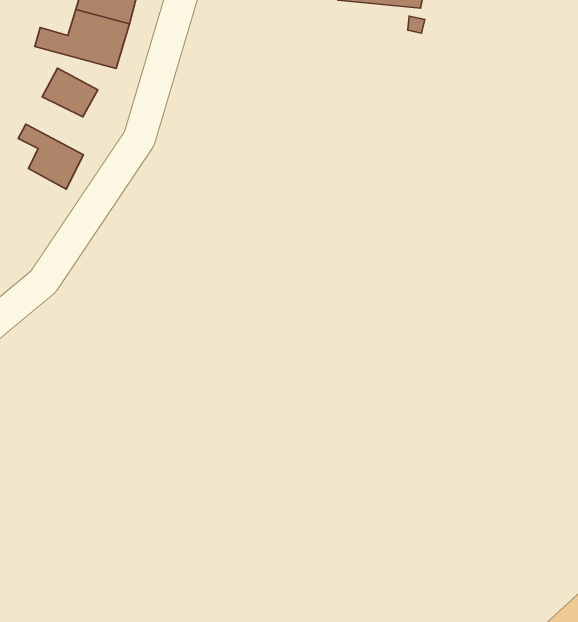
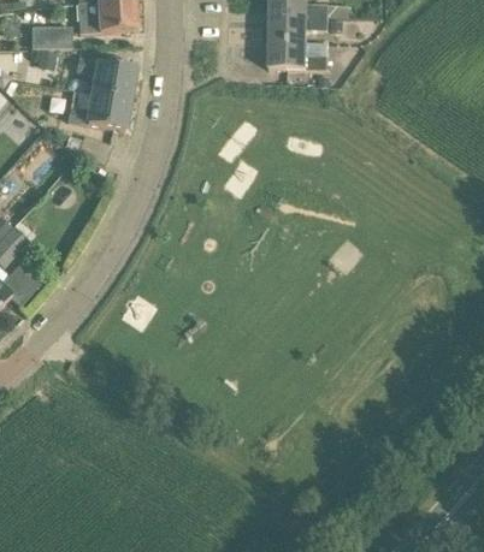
building: [18,124,84,189] -> none

